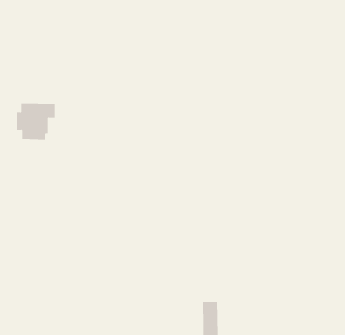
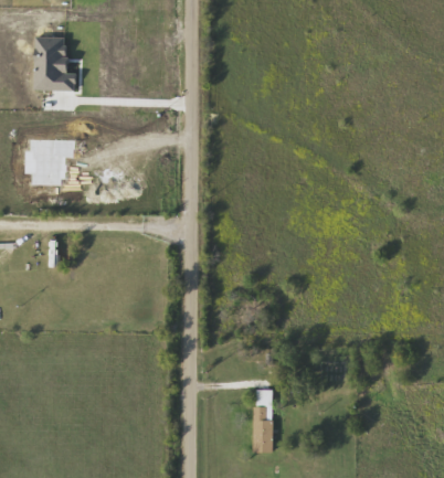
building: none -> [33,36,75,89]

